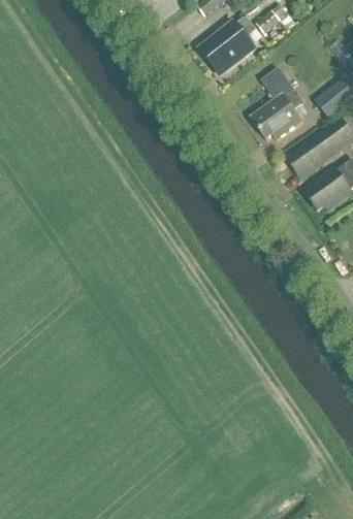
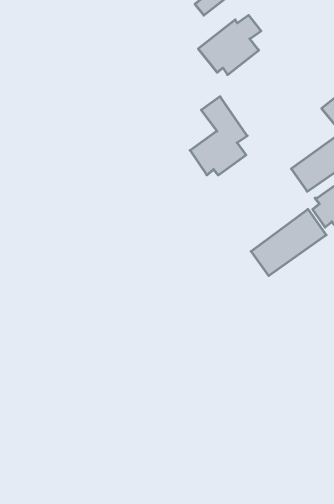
building: [249,66,301,138] -> [190,97,247,175]
building: none -> [251,209,326,276]

